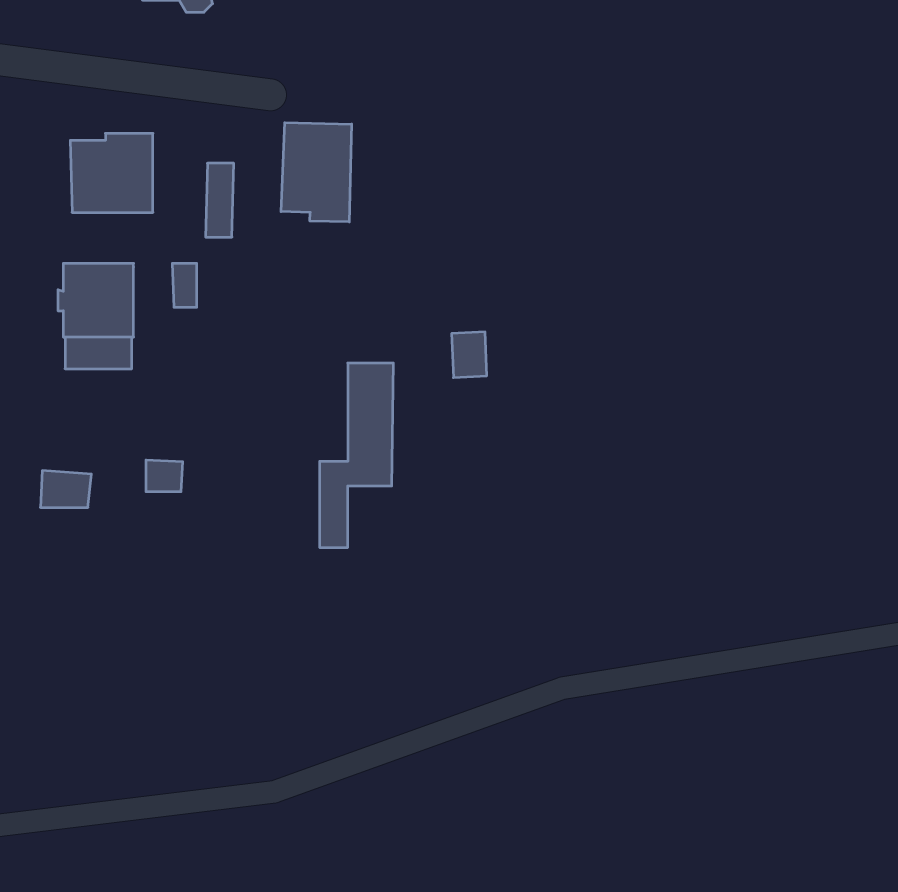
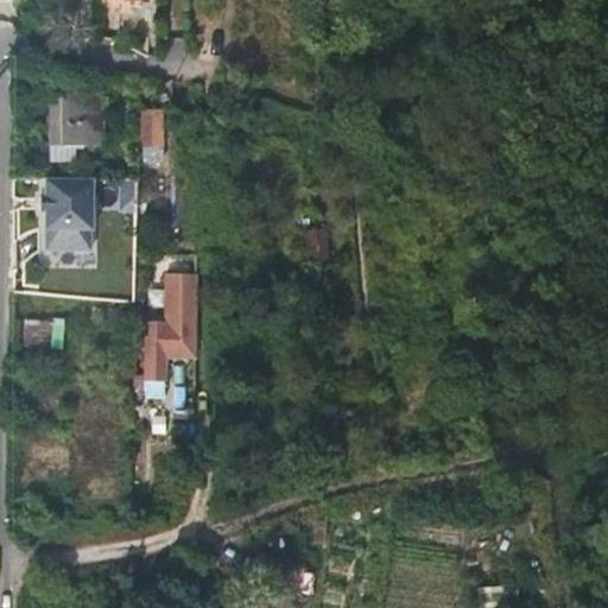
building: [281,123,352,222] -> none
building: [320,363,393,547] -> [147,273,197,398]

